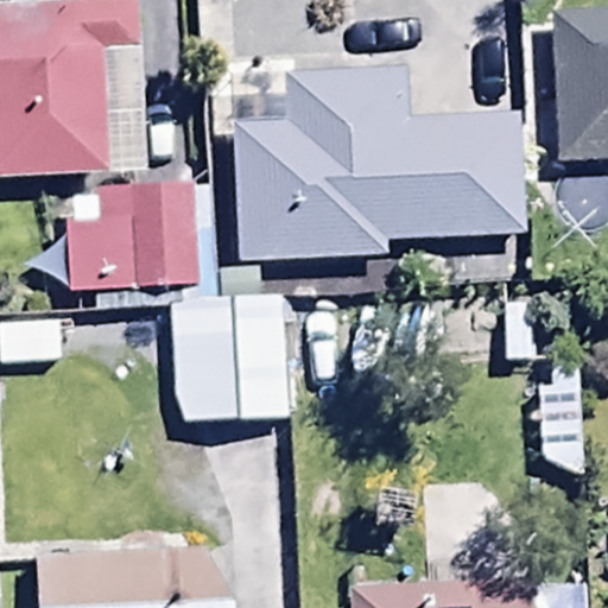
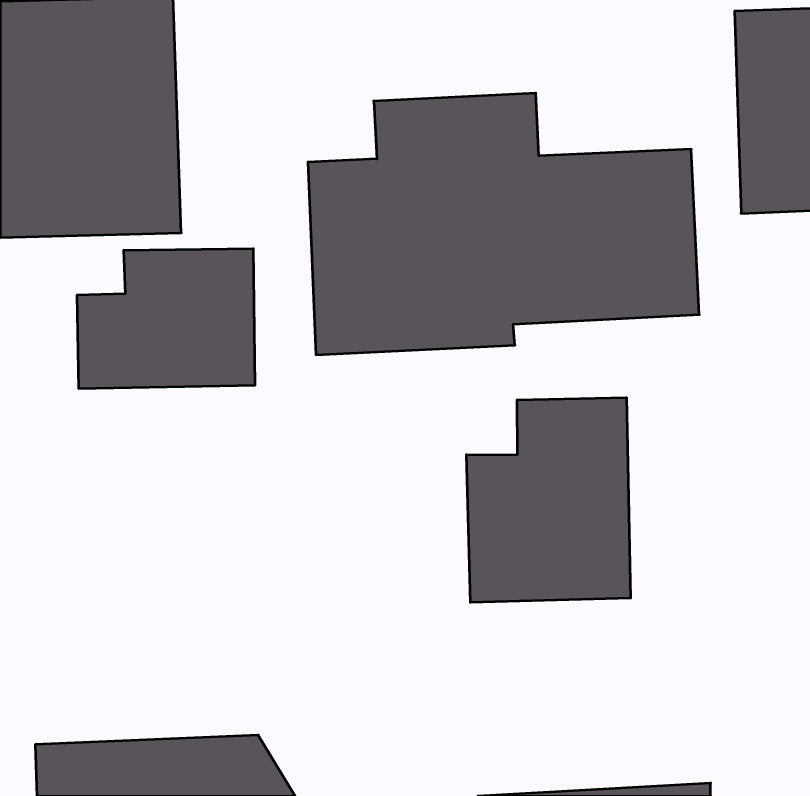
building: none -> [466,398,631,602]
building: [138,298,284,419] -> none

